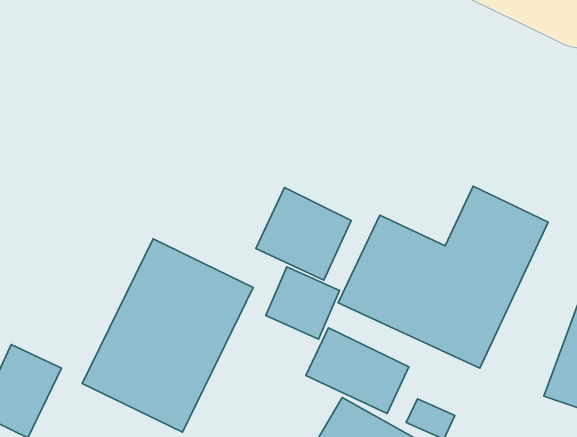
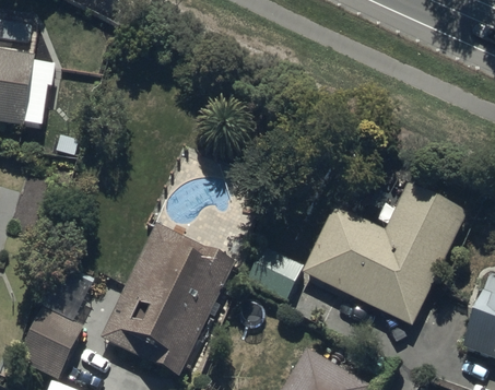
building: [256,188,351,280] -> none
building: [306,328,409,414] -> none

